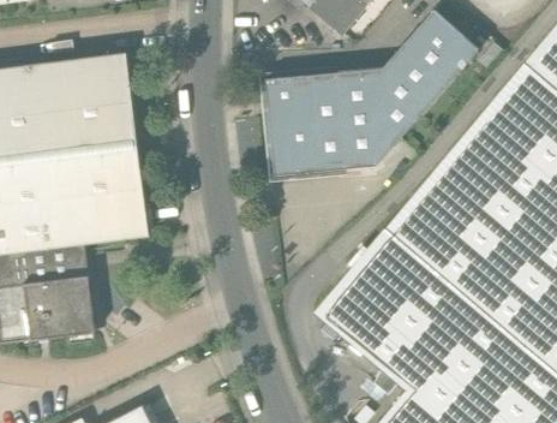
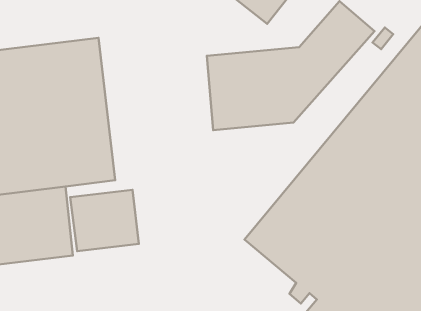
building: none -> [70,190,139,251]

